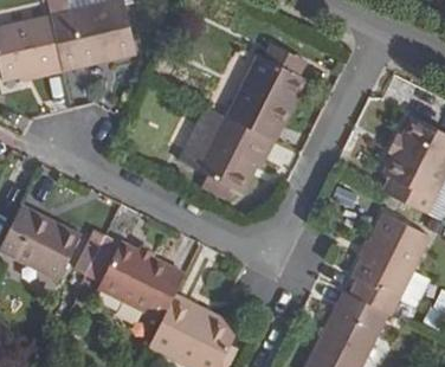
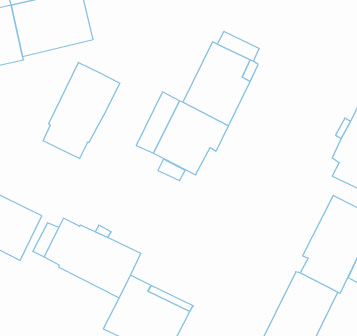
building: none -> [43,62,120,159]

